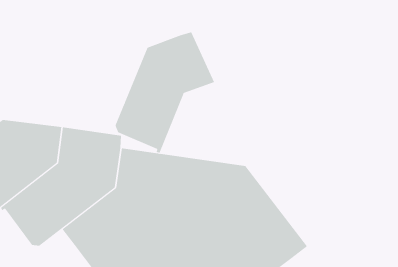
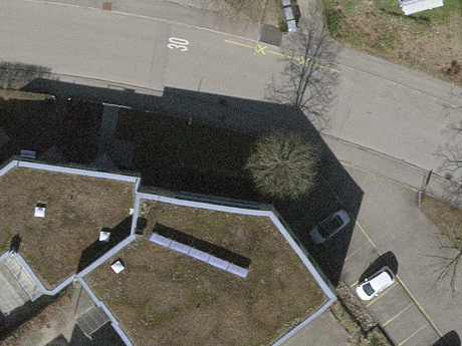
building: [115,31,215,153] -> none

